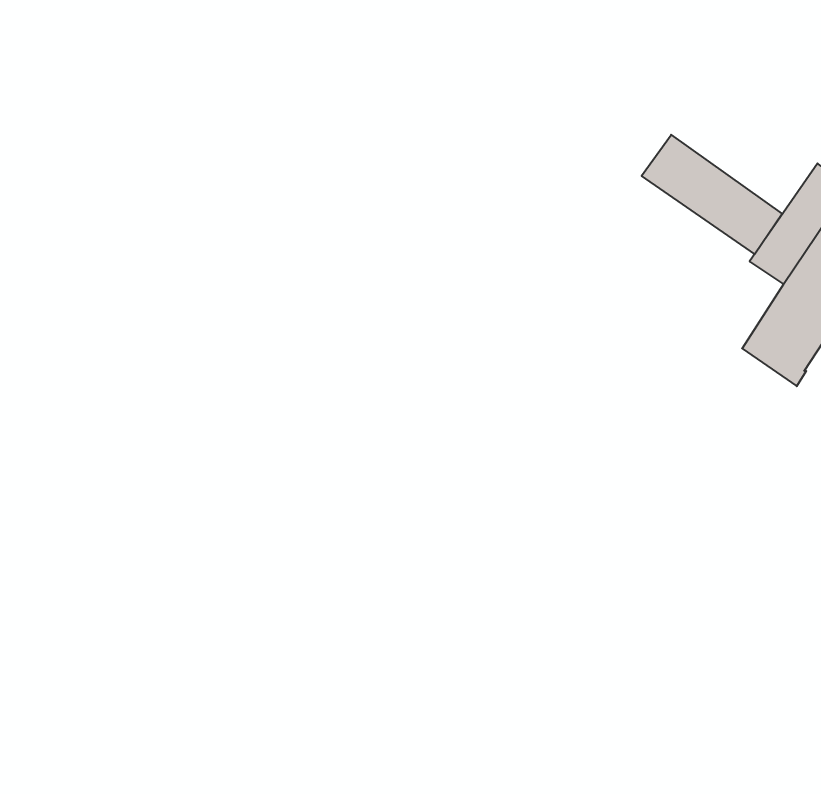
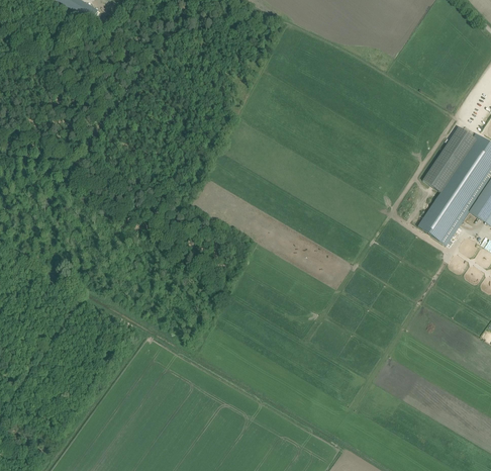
building: [642,135,782,254] -> none

